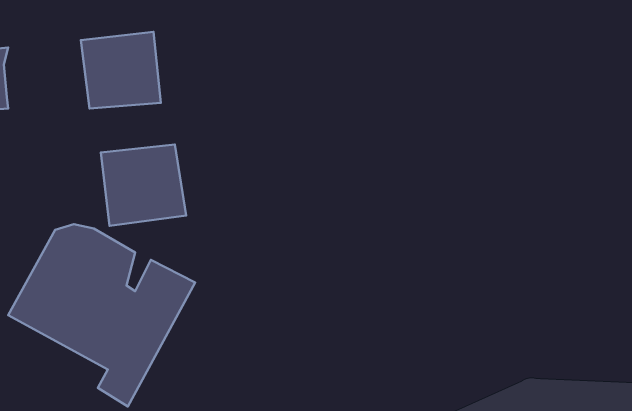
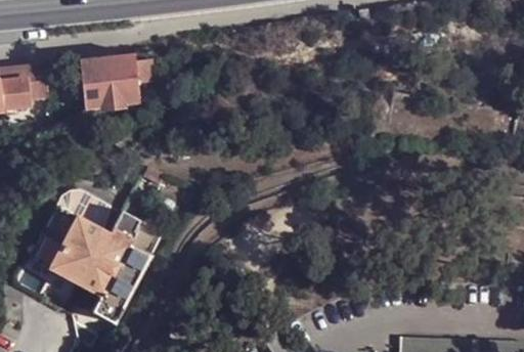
building: [101,144,186,226] -> none

